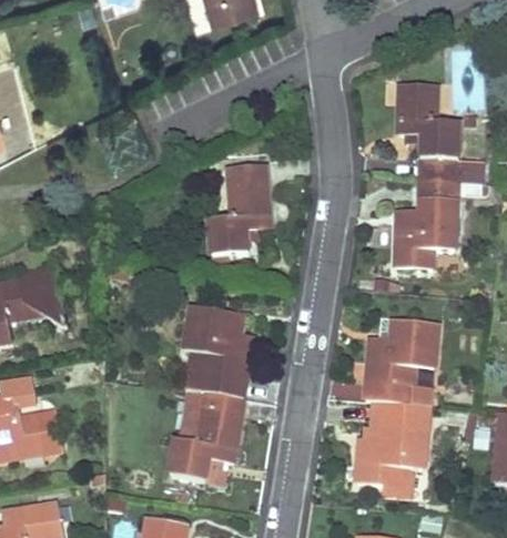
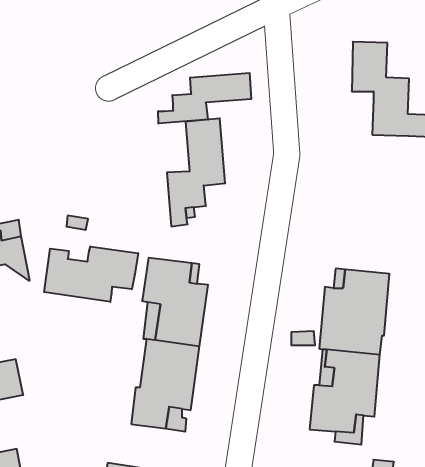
building: none -> [158,73,251,124]
building: [396,180,457,268] -> none
building: none -> [44,246,138,302]

